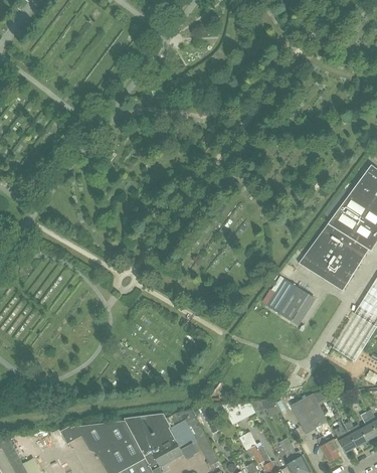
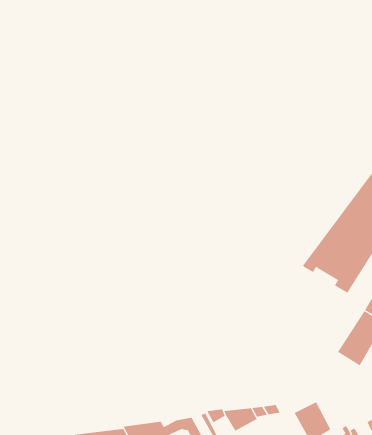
building: [267,279,314,324] -> none

